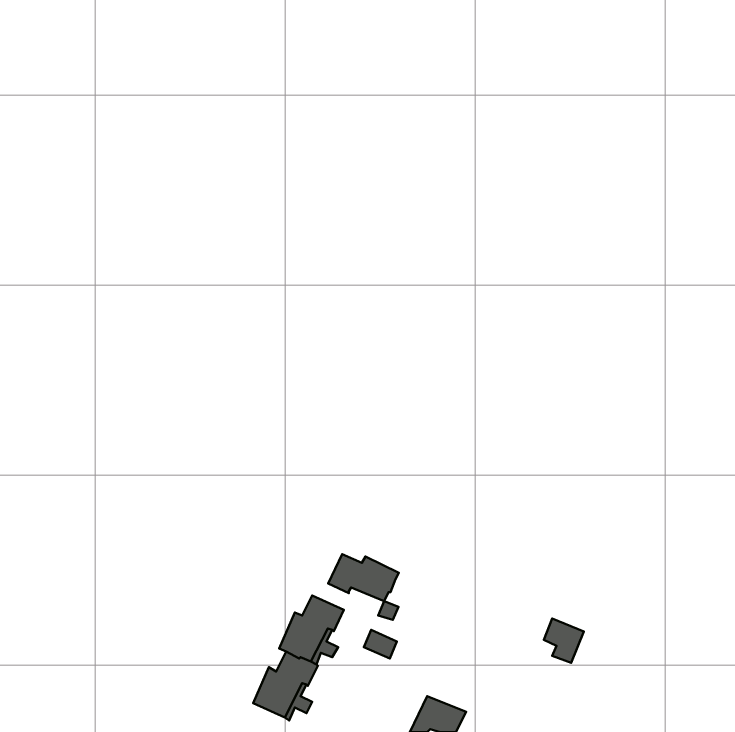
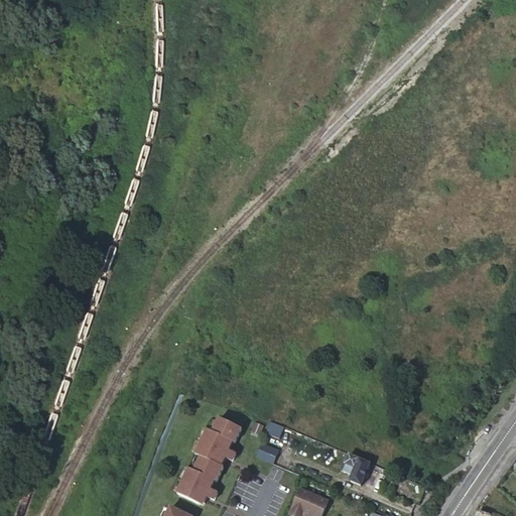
building: [328,554,399,601] -> none
building: [544,618,584,663] -> [341,453,369,484]

